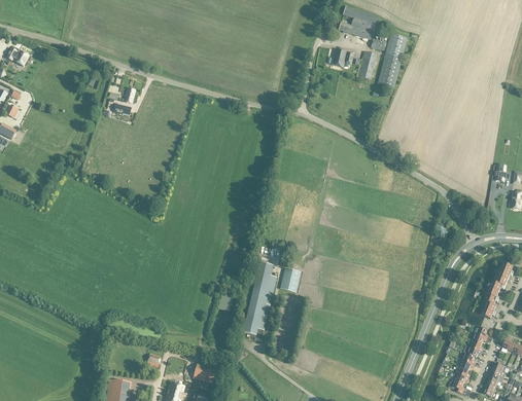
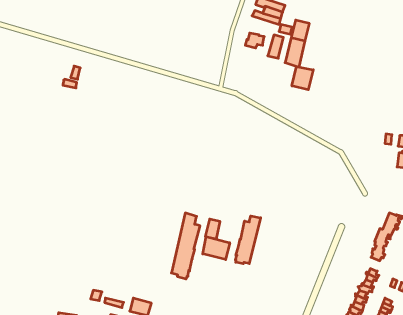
building: none -> [292,67,313,90]
building: none -> [235,216,261,264]
building: none -> [203,237,230,260]

